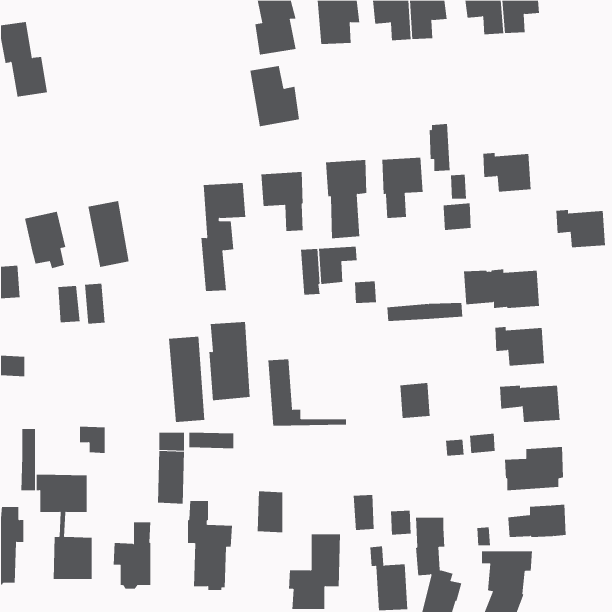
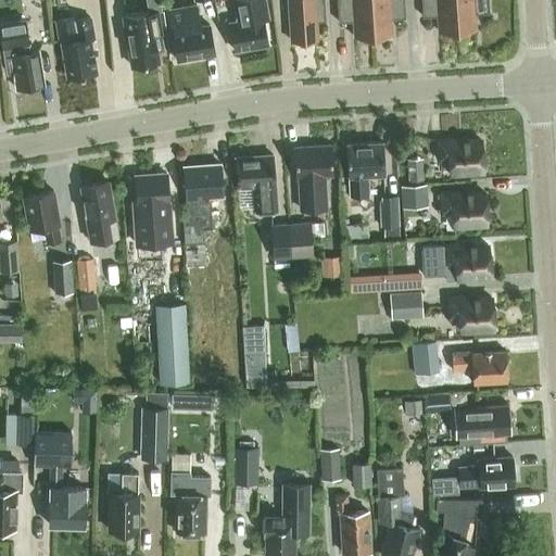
building: none -> [124,14,161,68]
building: none -> [58,17,97,79]
building: [249,66,300,127] -> [169,5,215,61]
building: [429,124,450,172] -> [380,195,400,239]
building: [555,209,606,248] -> [441,192,486,227]
building: none -> [390,291,422,319]
building: [209,322,251,401] -> [134,175,172,247]
building: [399,383,431,419] -> [412,341,440,374]

